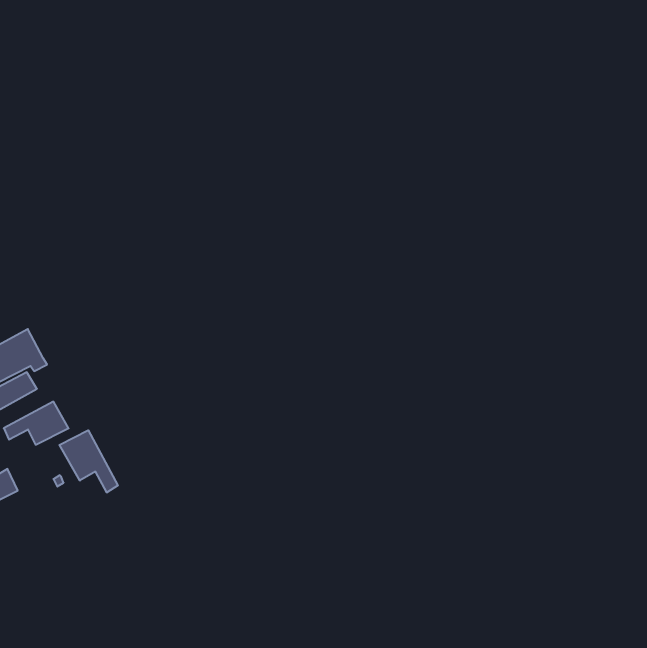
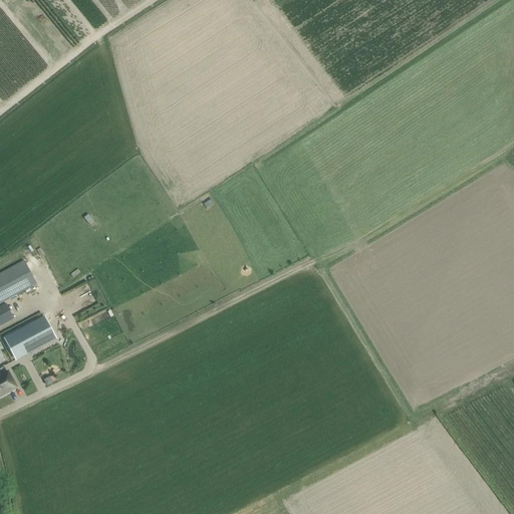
building: [59,430,118,493] -> none

